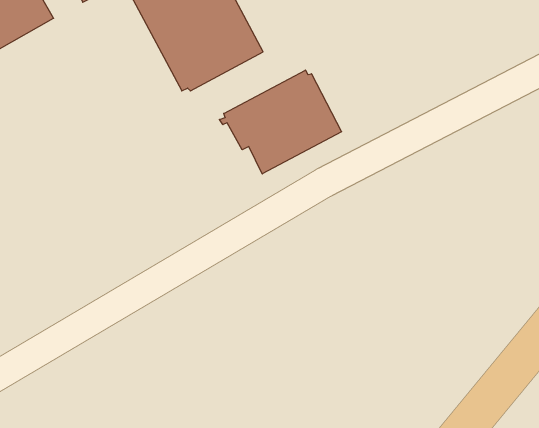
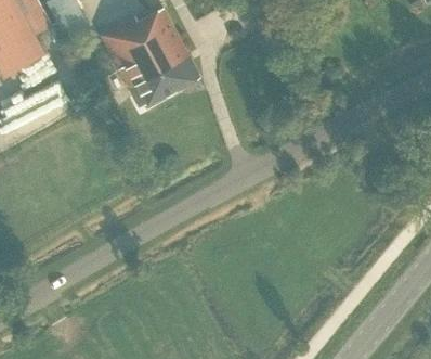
building: [219,70,342,174] -> none

